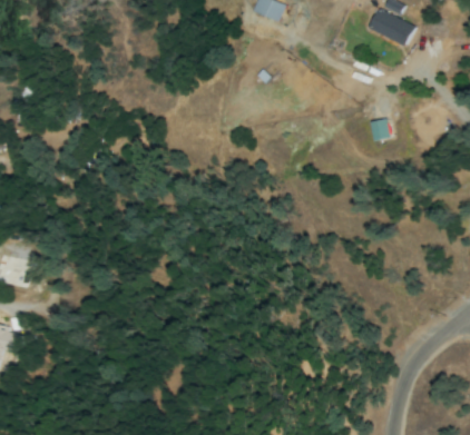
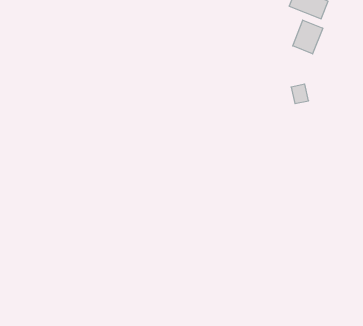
building: none -> [293,20,323,54]

